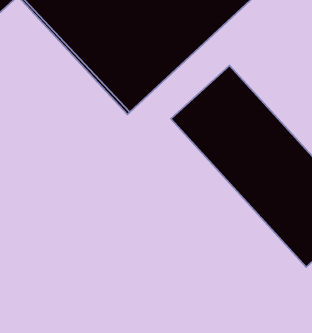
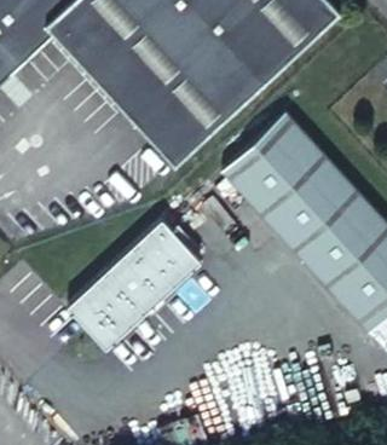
building: none -> [62,223,195,352]

